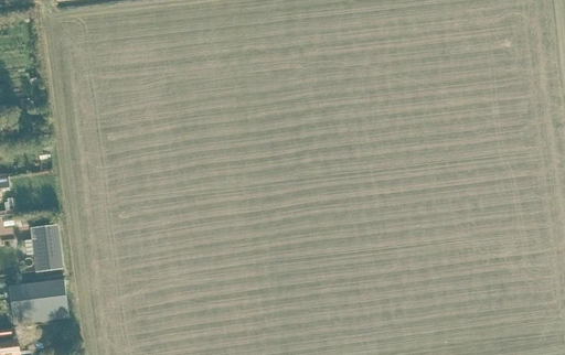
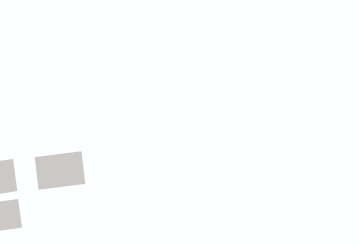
building: none -> [34,151,86,190]

